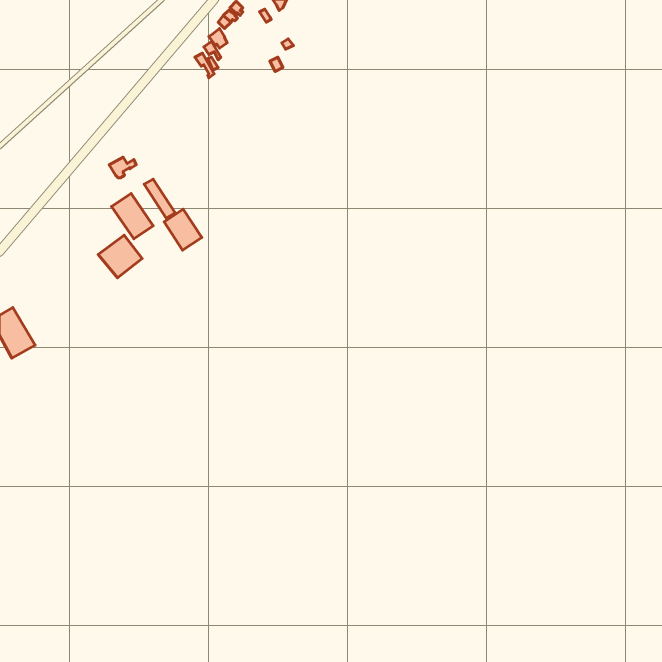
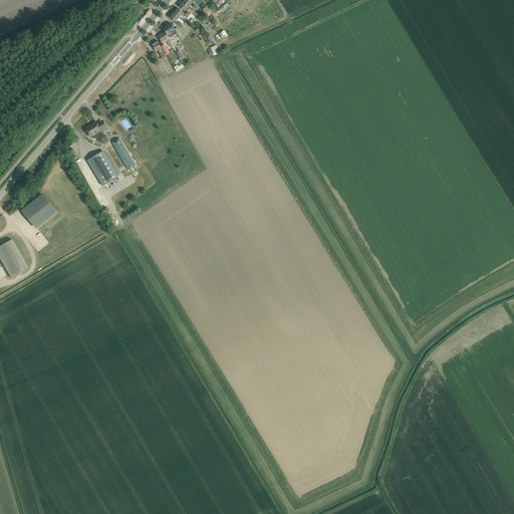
building: [164,209,202,250] -> none
building: [98,235,142,278] -> [21,194,55,227]

